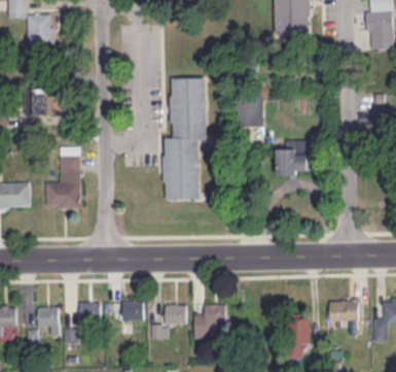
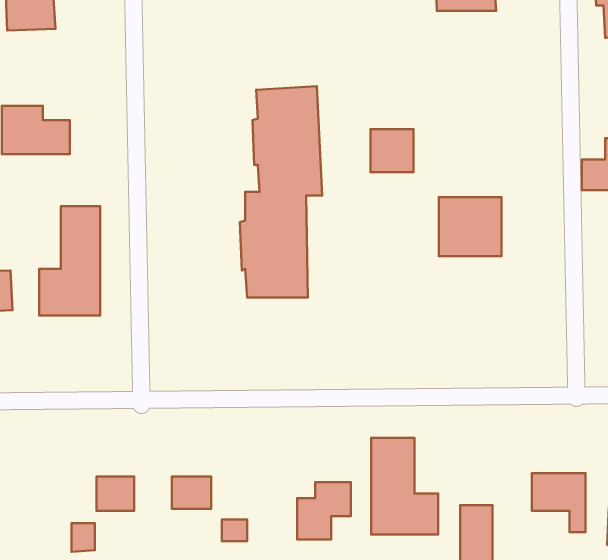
building: none -> [371,438,438,535]
building: [165,305,186,325] -> none
building: [38,307,59,336] -> none

